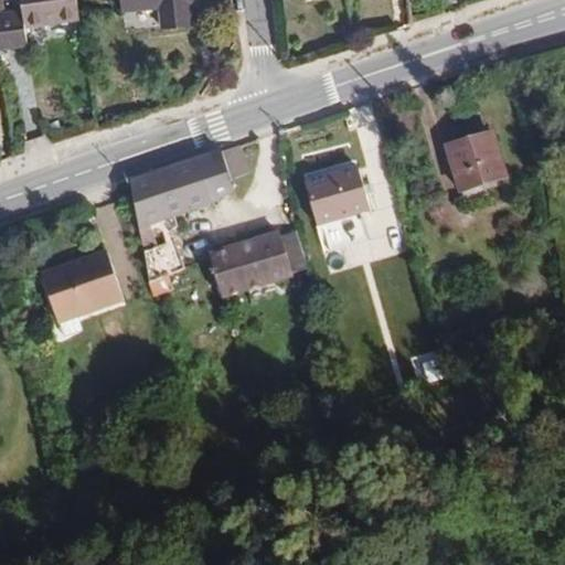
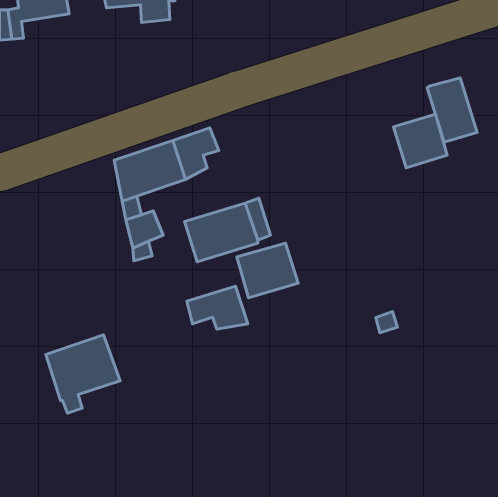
building: none -> [427,78,477,142]
building: [302,164,372,226] -> [237,243,298,298]
building: [39,249,122,338] -> [46,335,120,413]
building: none -> [187,286,248,329]

